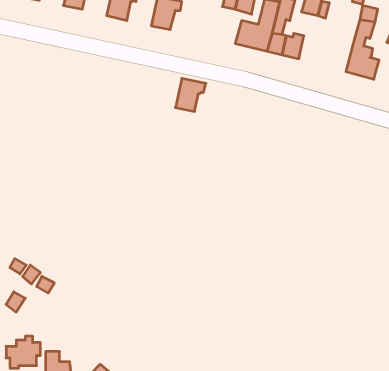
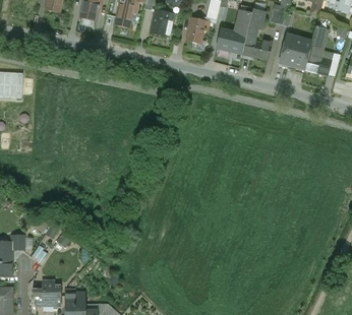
building: none -> [279,35,311,69]
building: [175,78,206,111] -> [185,17,210,44]

